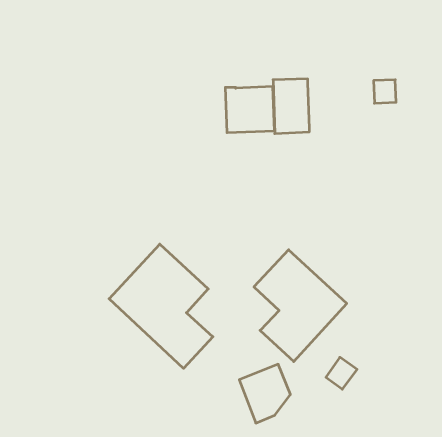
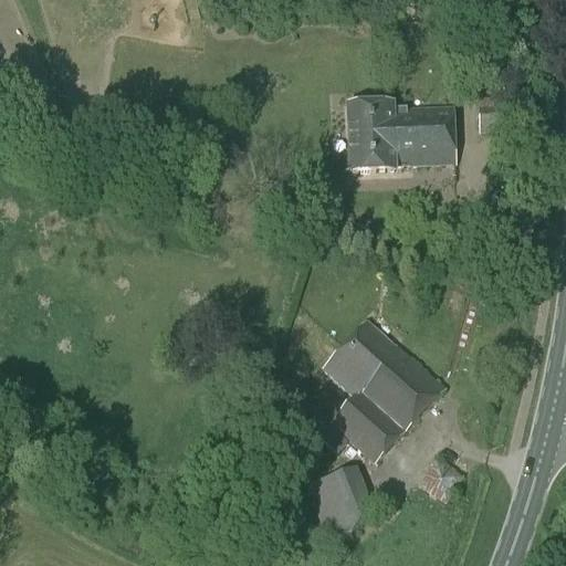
building: [225,87,275,133] -> [392,105,455,164]
building: [109,244,213,368] -> none

